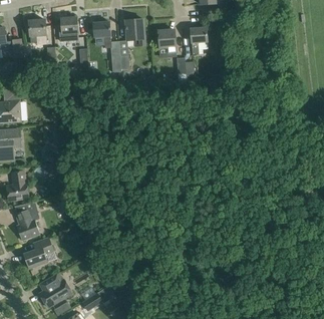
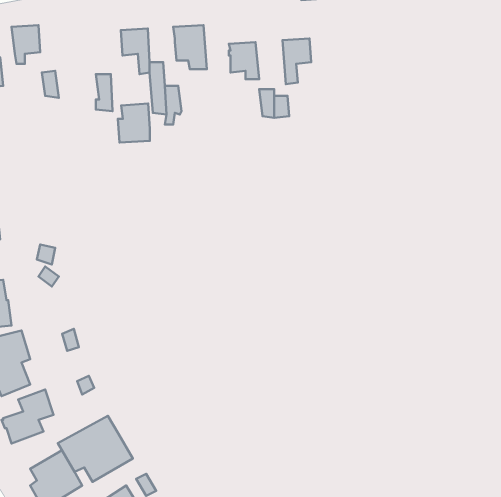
building: [58,17,77,40] -> [118,104,150,142]
building: none -> [58,416,133,482]

